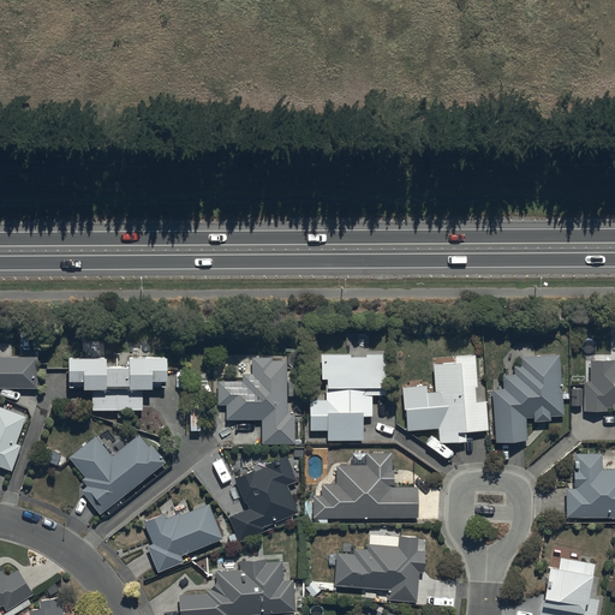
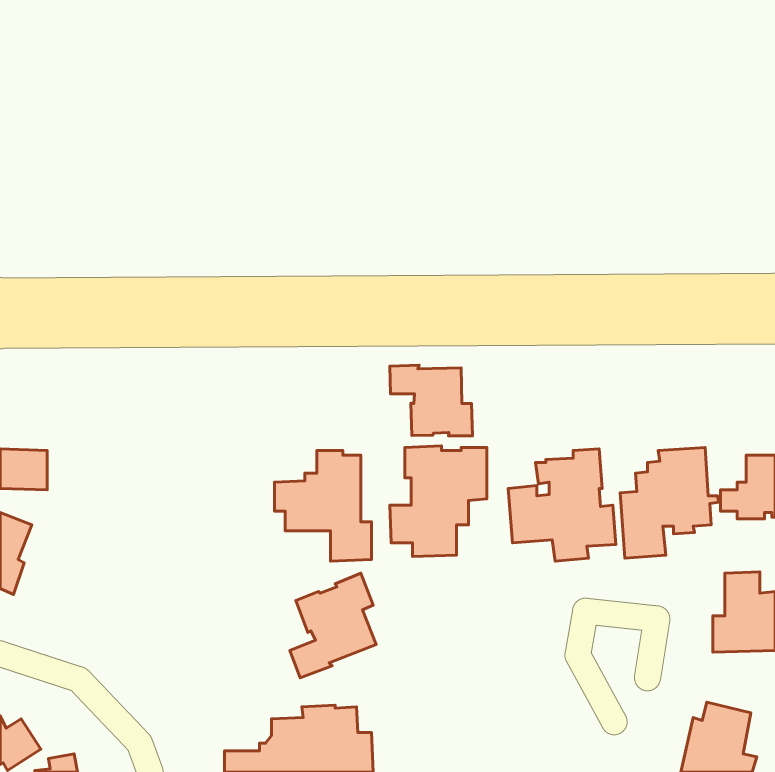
building: none -> [390,365,472,436]
building: [66,356,166,410] -> none
building: [68,434,165,515] -> none
building: [312,453,417,517] -> none
building: [143,502,223,572] -> none
building: [334,533,424,602] -> none

